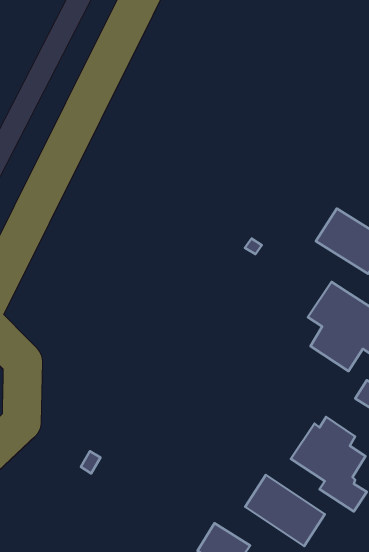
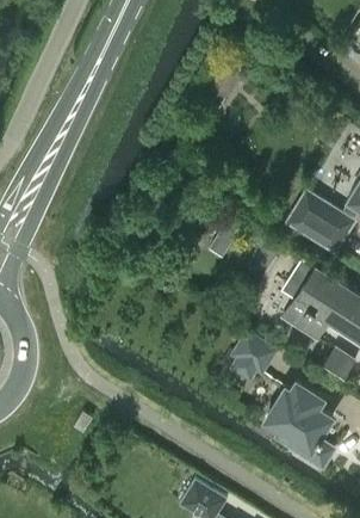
building: none -> [232,338,274,381]
building: [245,475,325,546] -> none

